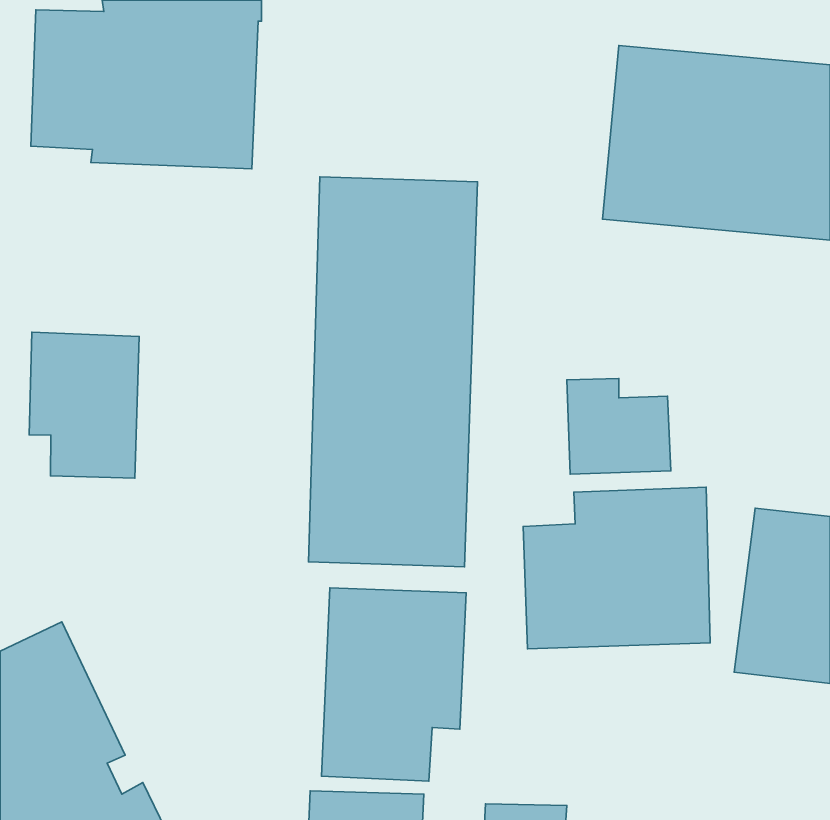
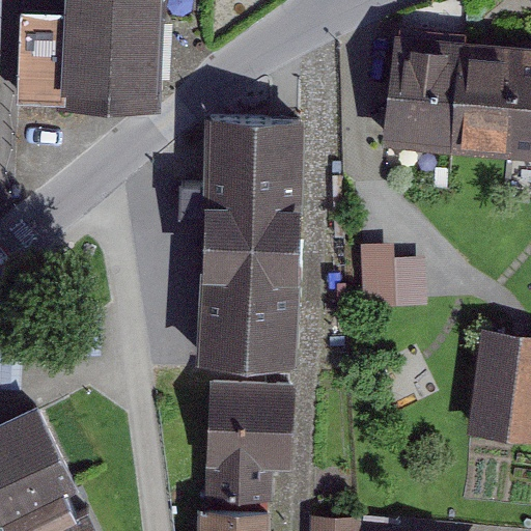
building: [29,332,139,478] -> none
building: [523,487,710,649] -> none

